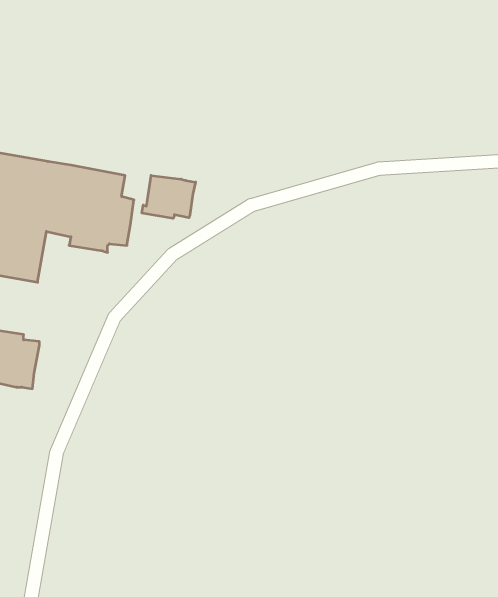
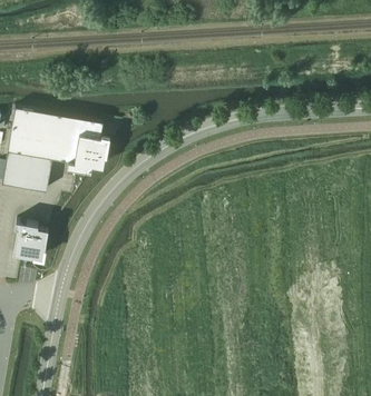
building: [142,175,196,218] -> none

